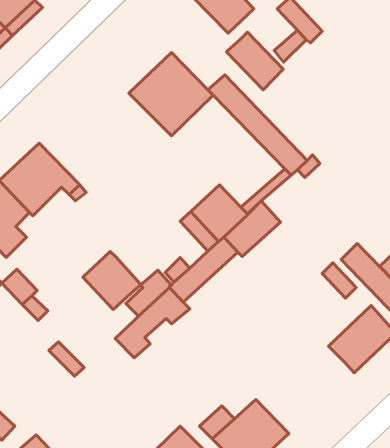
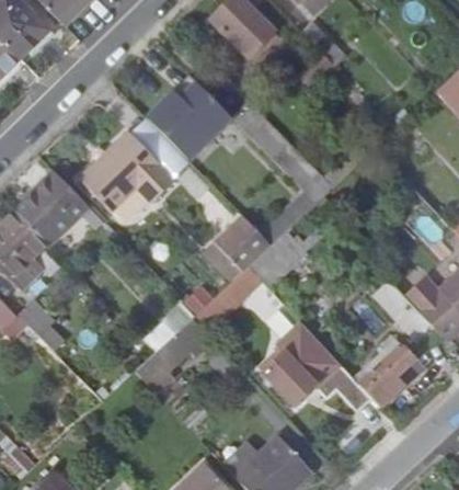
building: [227,32,283,90] -> none
building: none -> [80,130,177,213]
building: [83,252,141,310] -> none
building: none -> [257,321,370,411]

